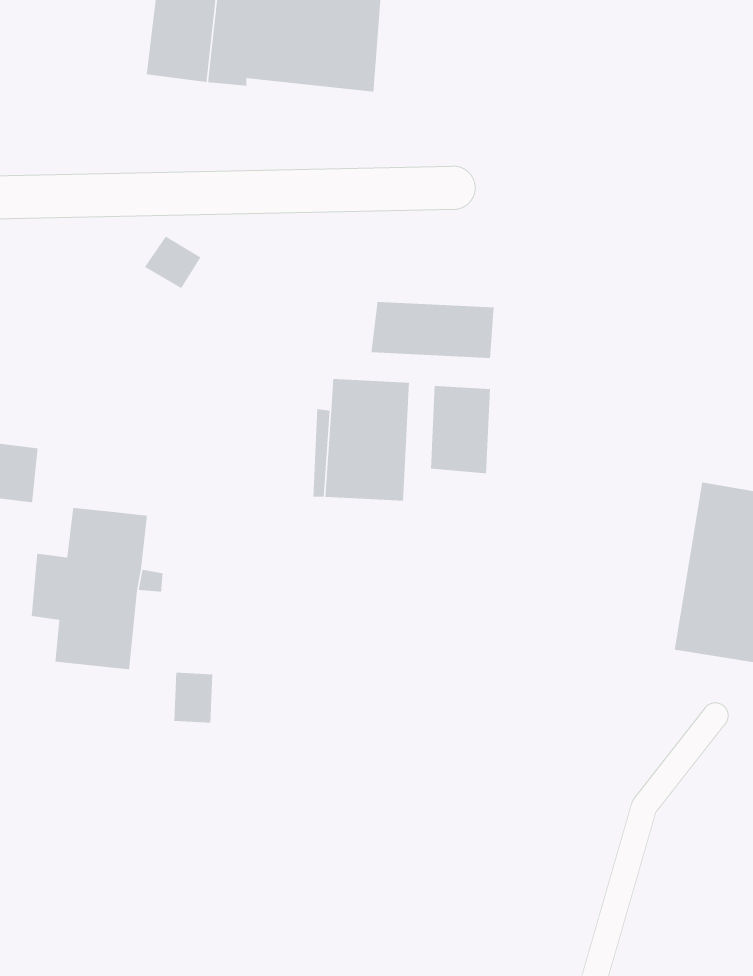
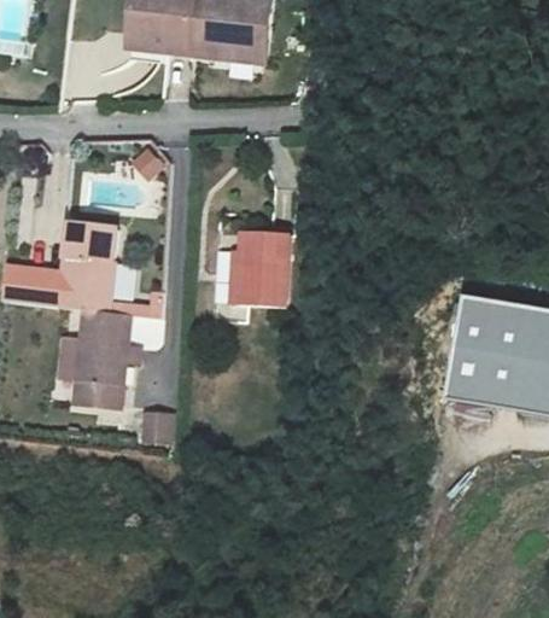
building: [371,301,494,359] -> none
building: none -> [59,225,116,313]
building: [430,385,491,474] -> none

